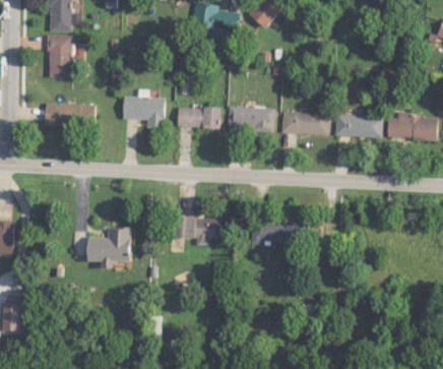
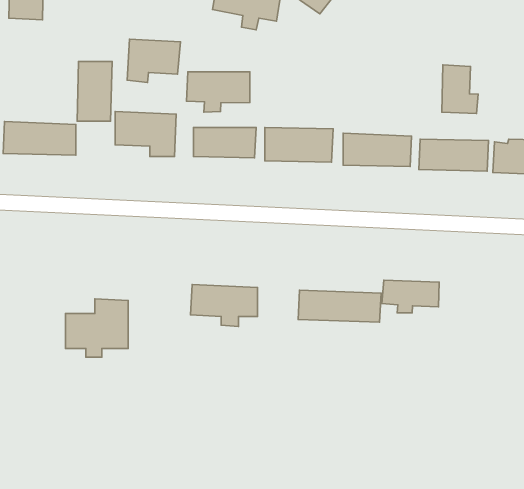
building: [48,36,72,77] -> [77,62,112,121]
building: none -> [127,39,180,82]
building: none -> [442,65,478,113]
building: none -> [187,72,250,112]
building: none -> [382,280,439,313]

